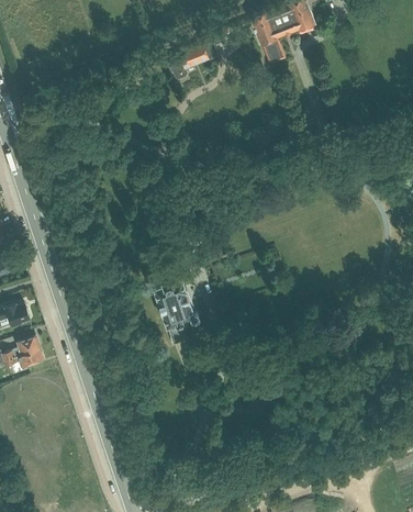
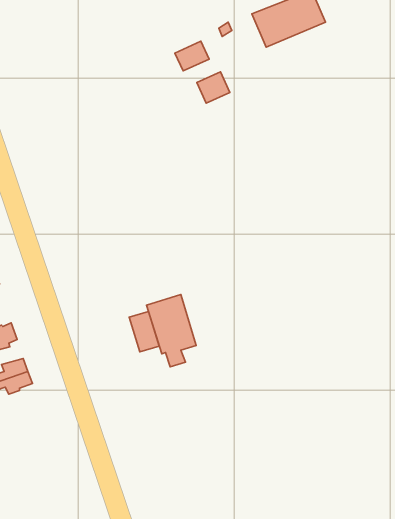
building: none -> [197,72,230,103]
building: none -> [129,311,159,352]

